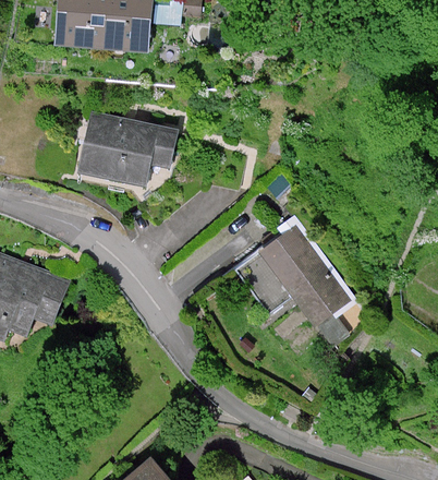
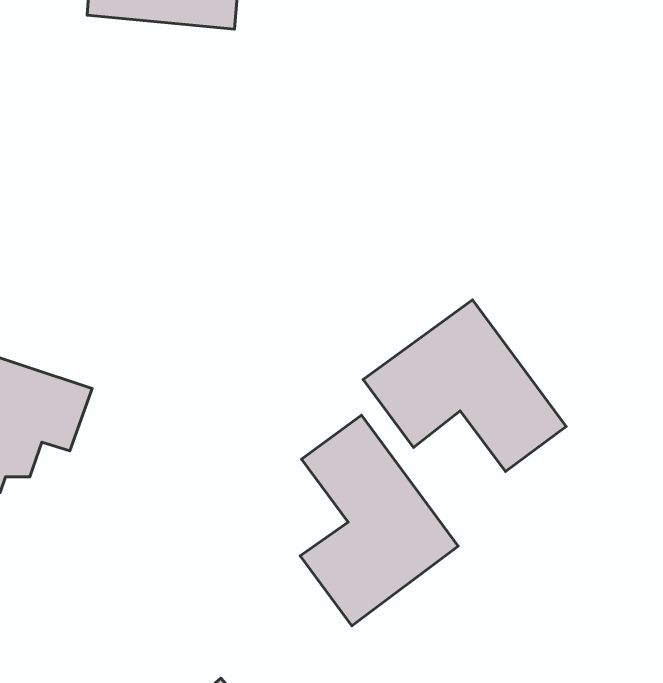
building: [78,112,180,190] -> none
building: none -> [300,415,458,626]

